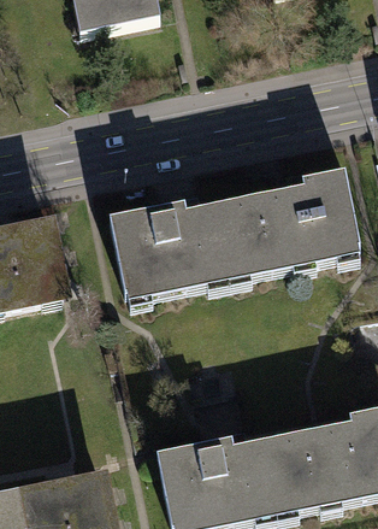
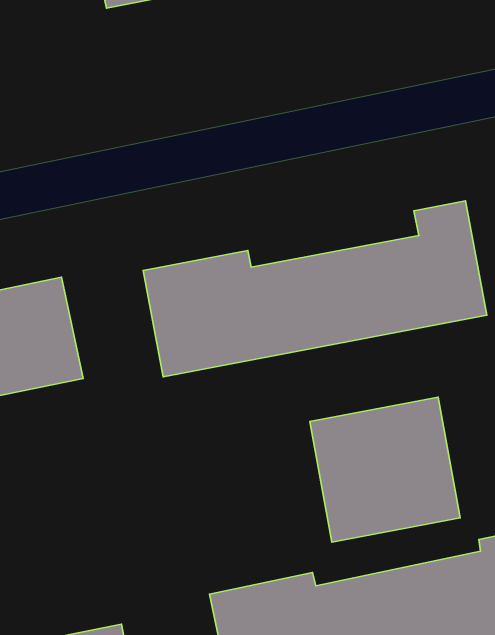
building: none -> [310,397,460,542]

